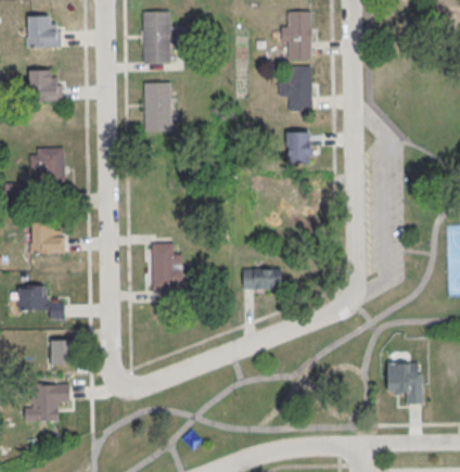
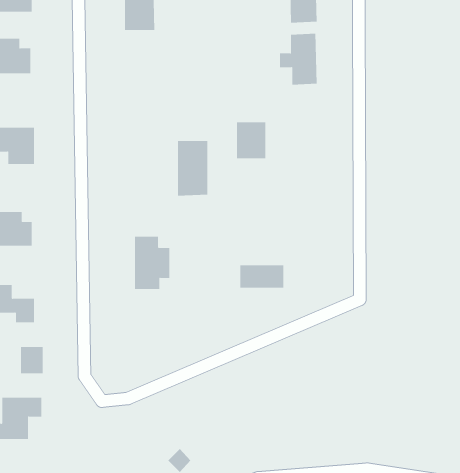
building: [142,84,169,132] -> [177,140,208,196]
building: [285,132,311,165] -> [236,122,266,159]
building: [387,363,422,405] -> none

